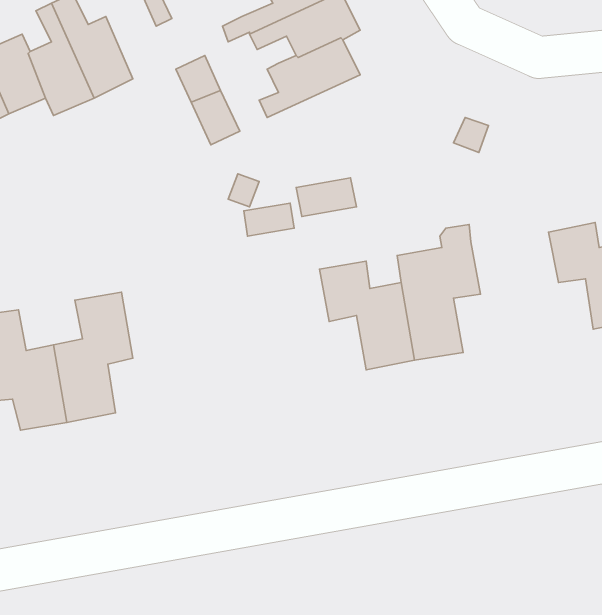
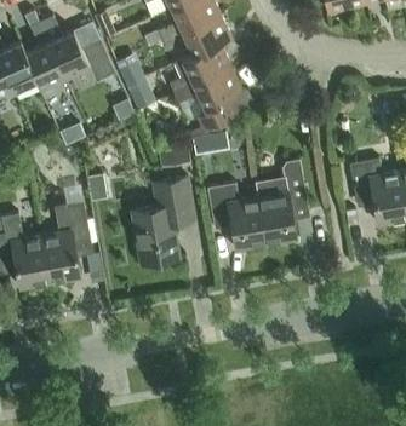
building: none -> [81,38,114,79]
building: none -> [173,65,242,129]
building: none -> [131,175,194,266]

